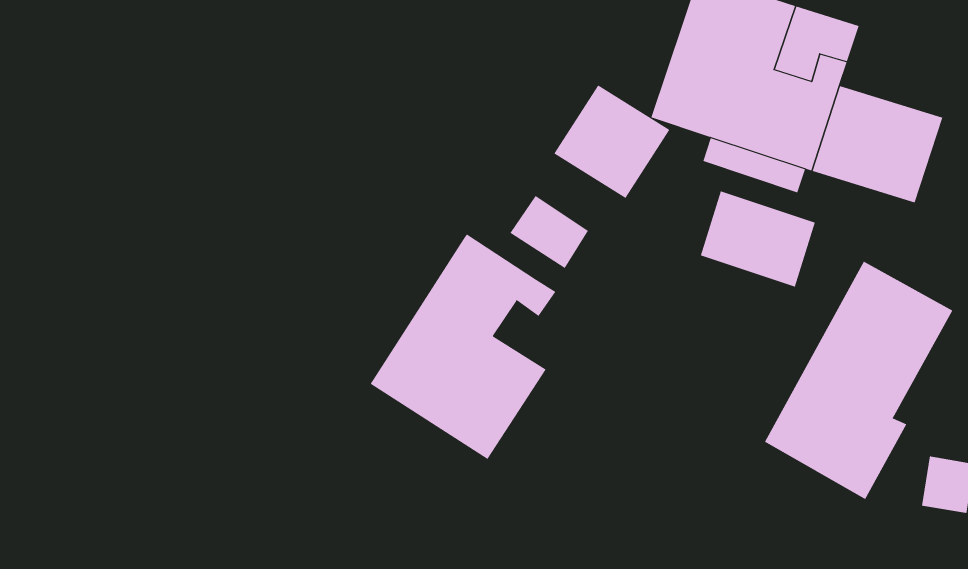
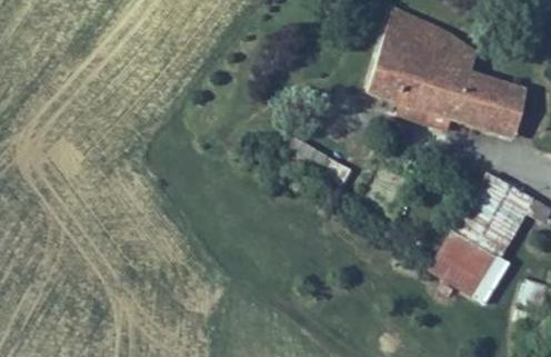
building: [554,85,670,199] -> none
building: [700,191,815,288] -> none
building: [370,233,556,460] -> none

